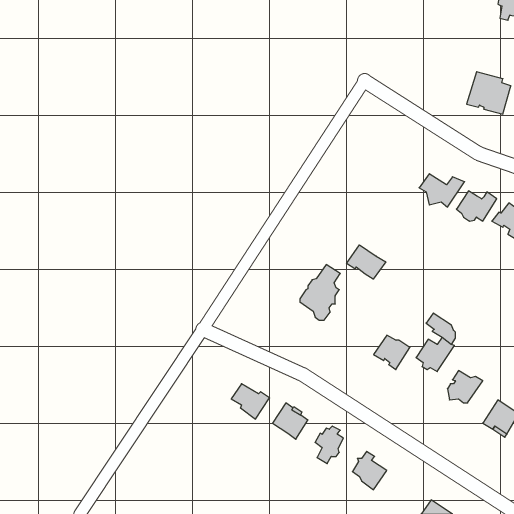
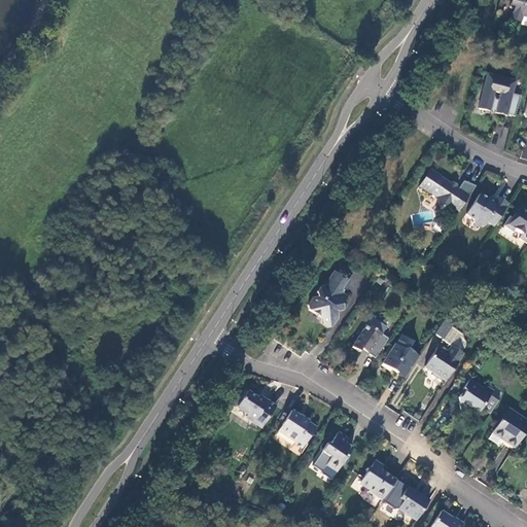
building: [347,245,386,279] -> none
building: none -> [352,317,388,357]
building: none -> [399,487,429,519]

